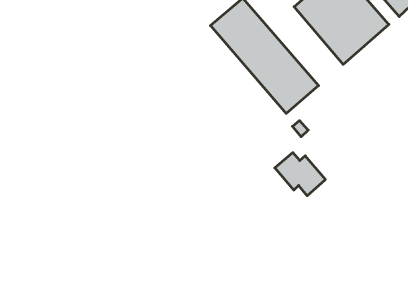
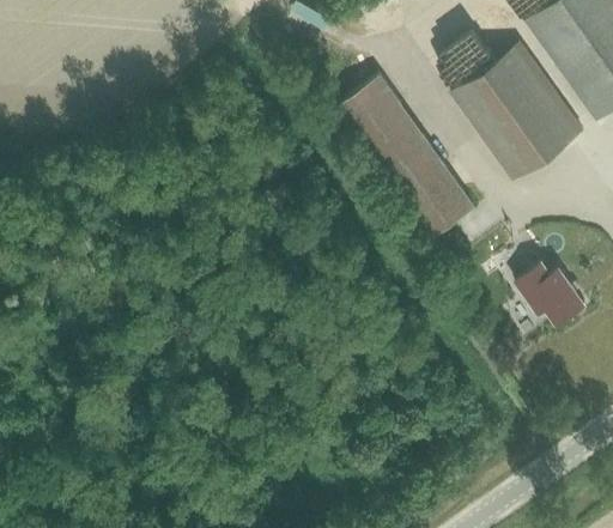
building: [275,153,325,196] -> [515,262,584,324]

